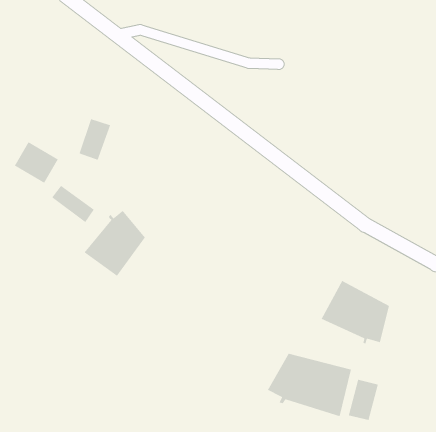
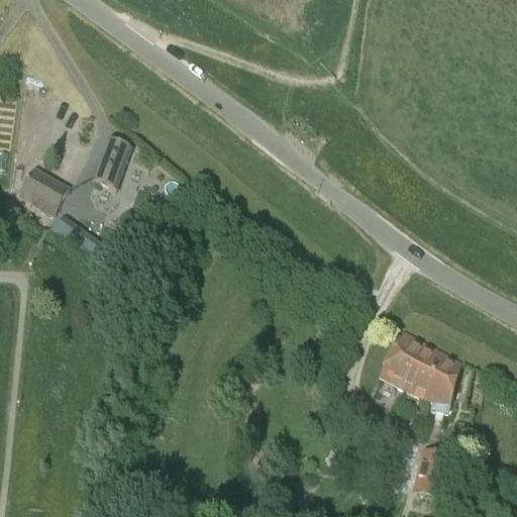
building: [83,210,146,277] -> none
building: [267,353,352,417] -> none

